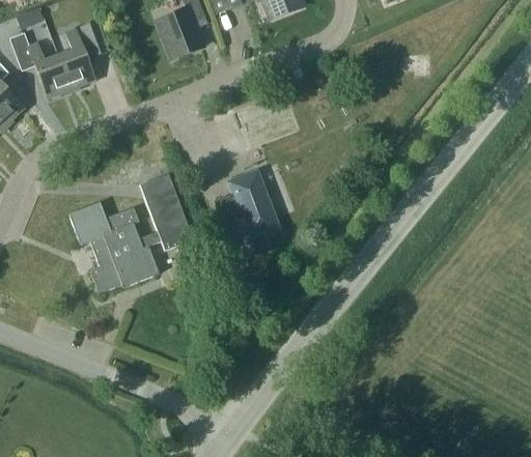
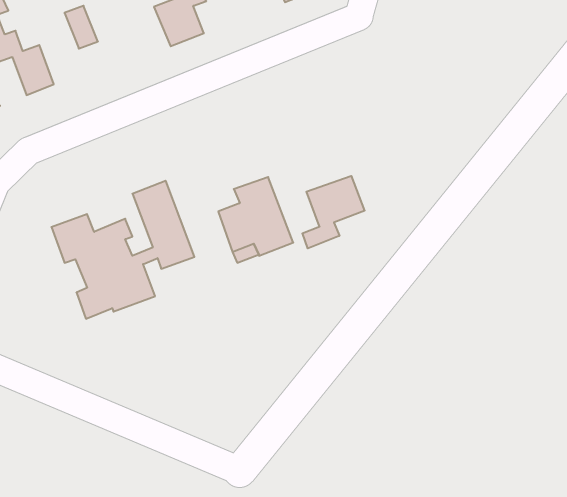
building: [58,27,94,88] -> none
building: none -> [302,176,365,248]

